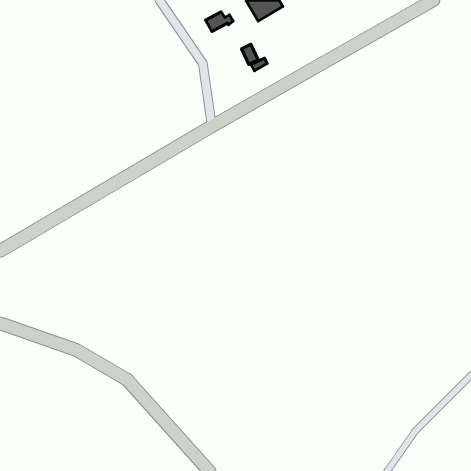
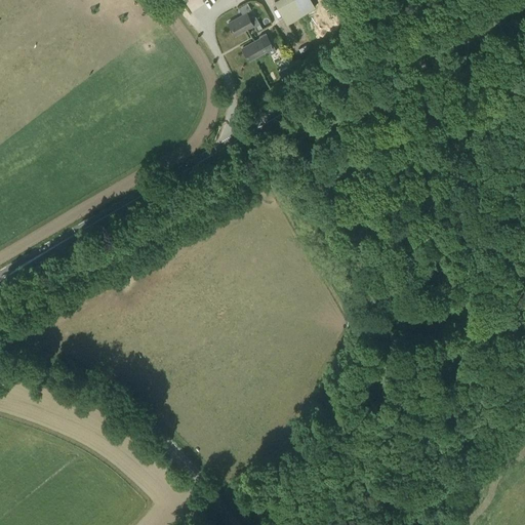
building: none -> [242,33,273,60]

